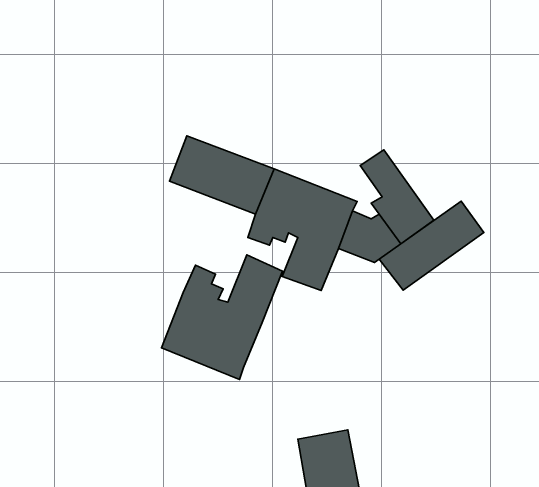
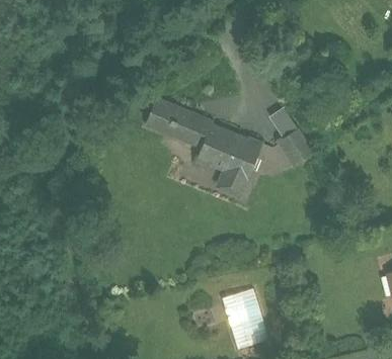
building: [379,201,484,290] -> none
building: [161,255,283,379] -> none

